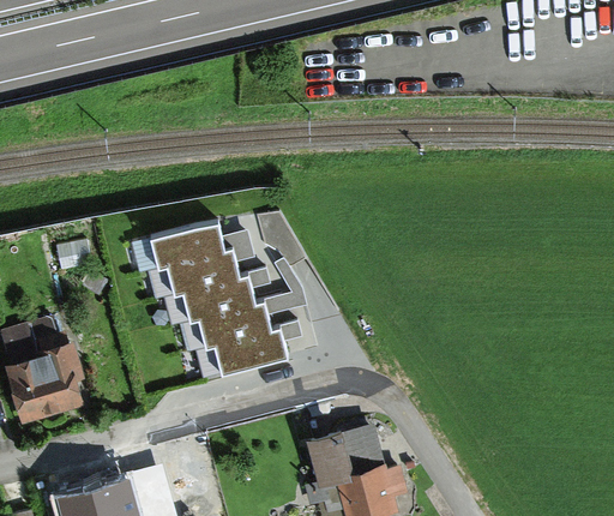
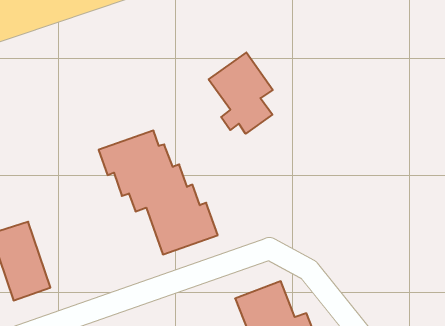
building: none -> [209,52,273,134]

